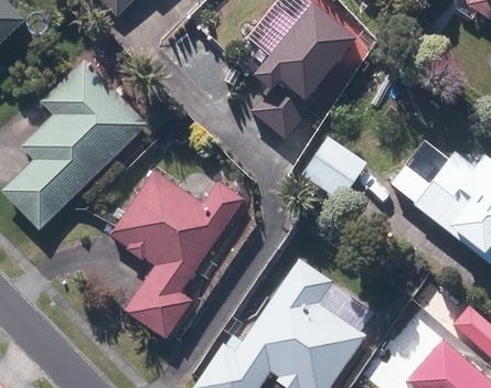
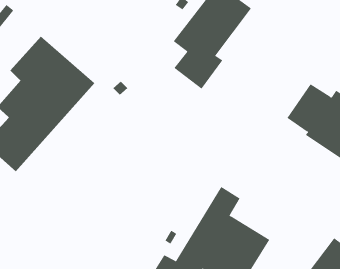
building: [301,133,369,201] -> none
building: [111,170,245,337] -> none

